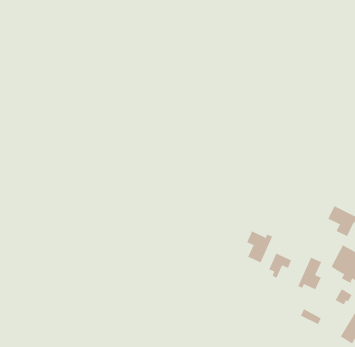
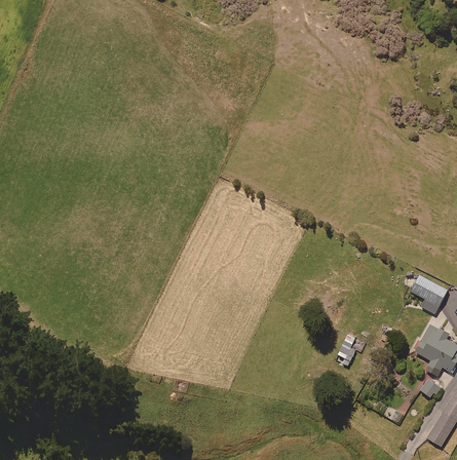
building: [246,231,273,263] -> none
building: [297,257,322,290] -> none

